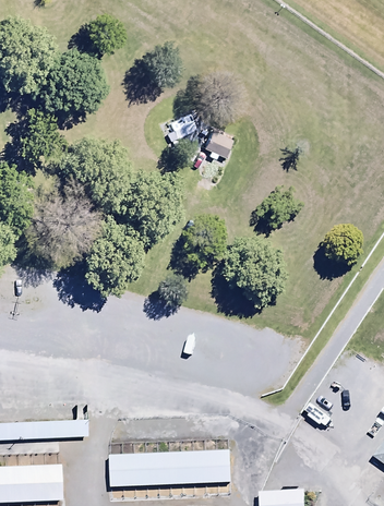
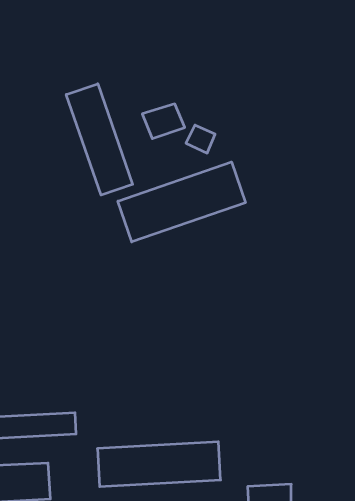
building: none -> [66,84,133,195]
building: none -> [118,162,245,242]

